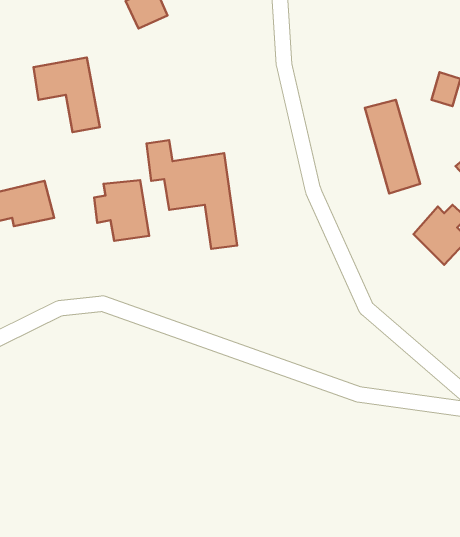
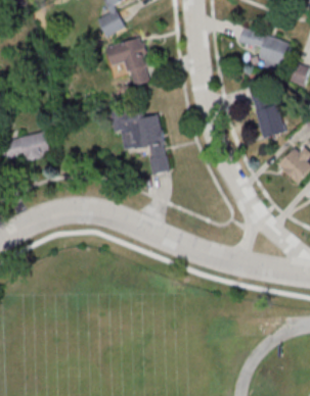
building: none -> [237,28,292,67]
building: [34,58,100,132] -> [107,39,149,86]
building: [94,180,149,241] -> none

